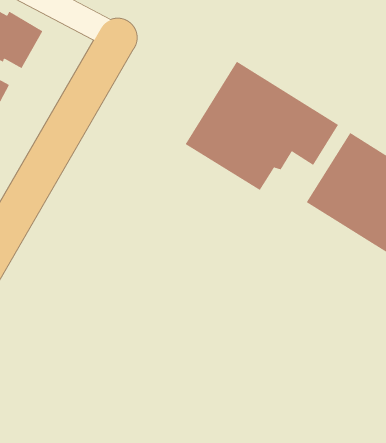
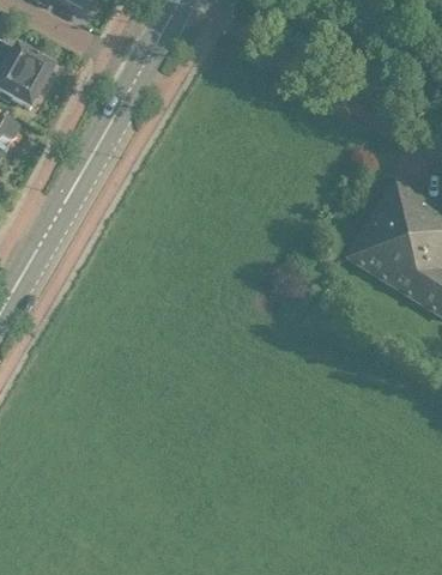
building: [185,61,339,191] -> none

